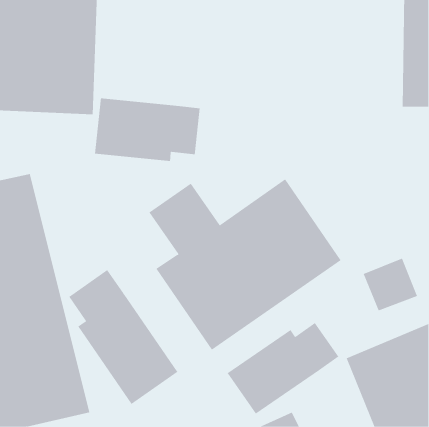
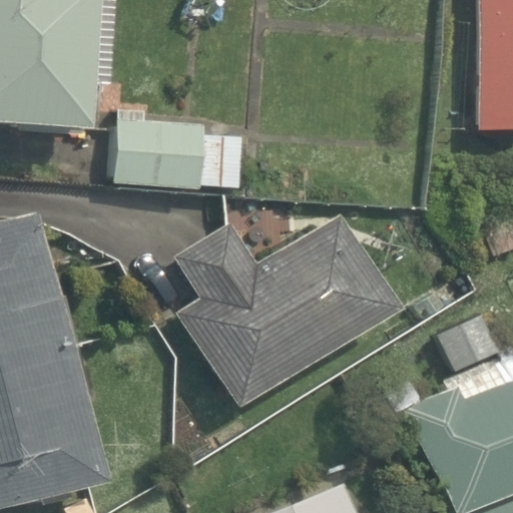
building: [68,269,178,405] -> none
building: [227,322,339,415] -> none

